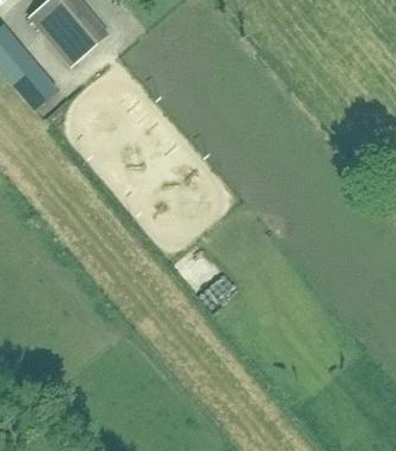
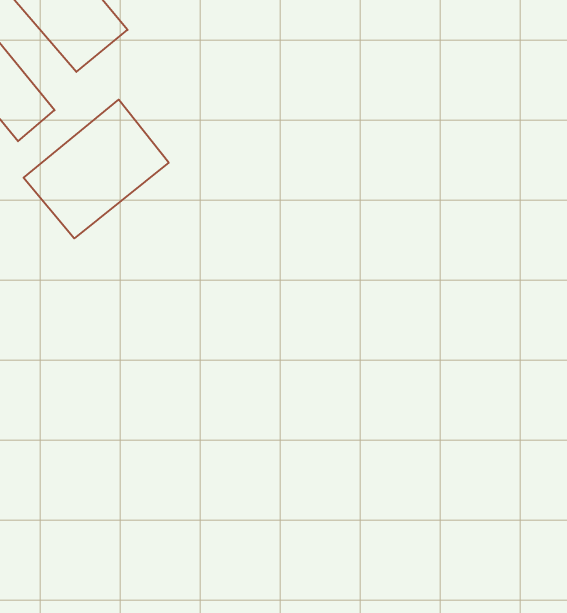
building: none -> [24,100,169,238]

